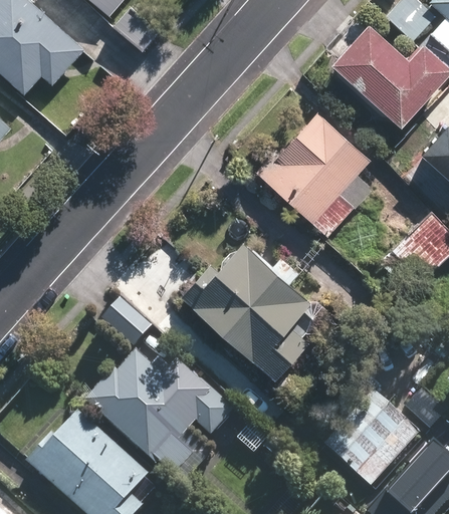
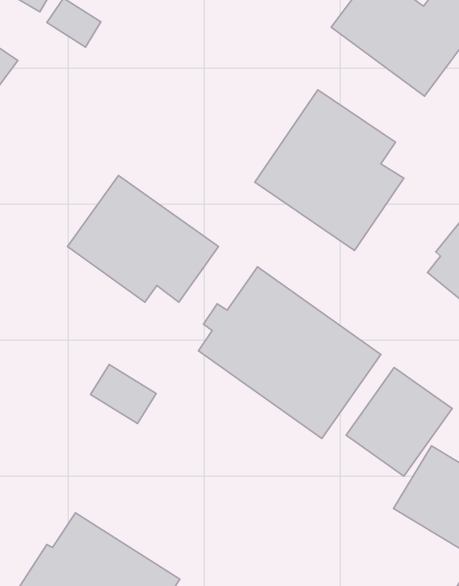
building: none -> [68,175,219,302]
building: none -> [346,368,452,476]
building: [83,349,234,476] -> none

